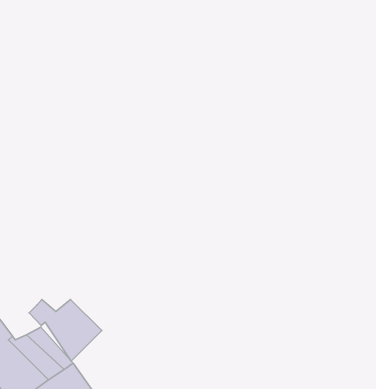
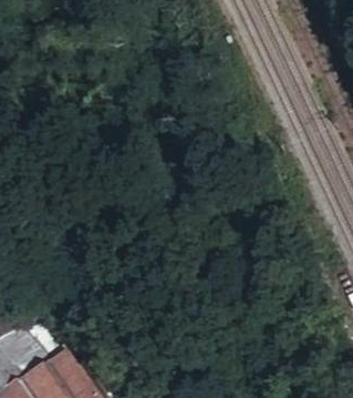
building: [29,300,102,361] -> none

